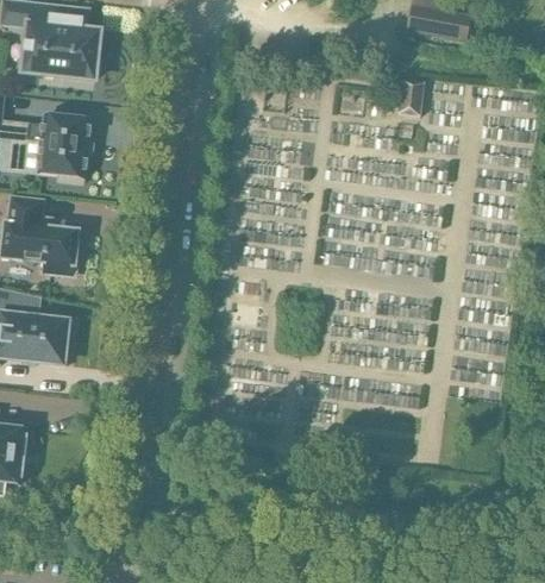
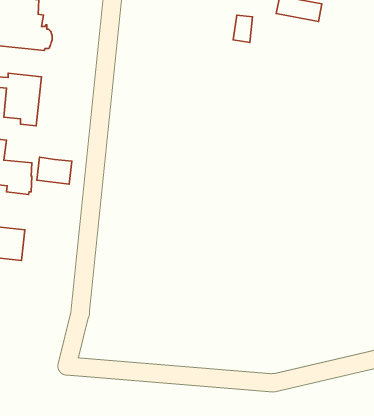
building: [397,77,424,114] -> [233,15,253,42]
building: none -> [37,157,72,184]

